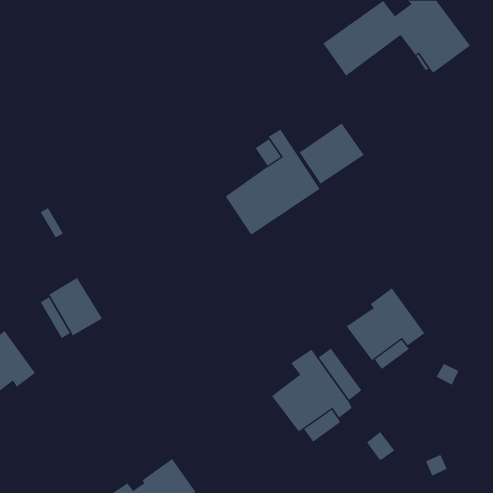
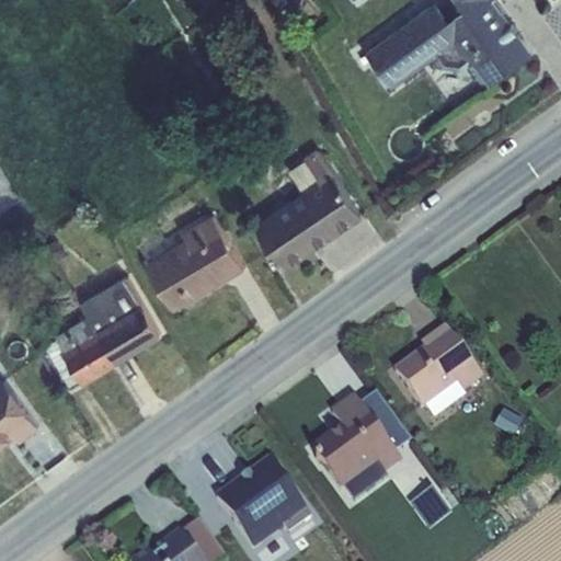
building: [299,123,364,184] -> none
building: none -> [145,215,244,310]
building: none -> [81,276,161,363]
building: none -> [213,459,310,551]

